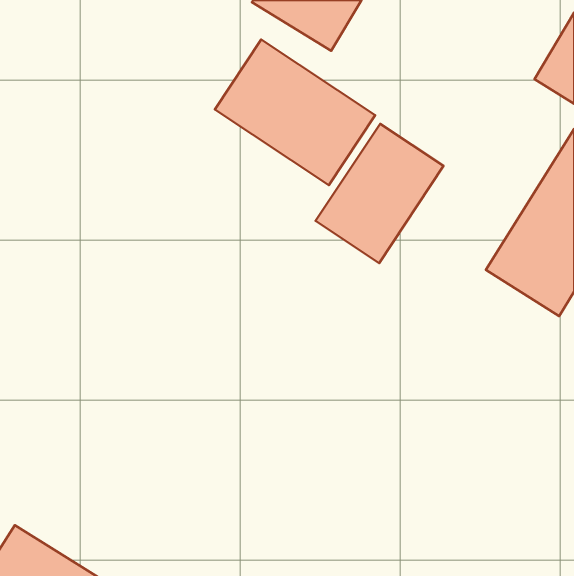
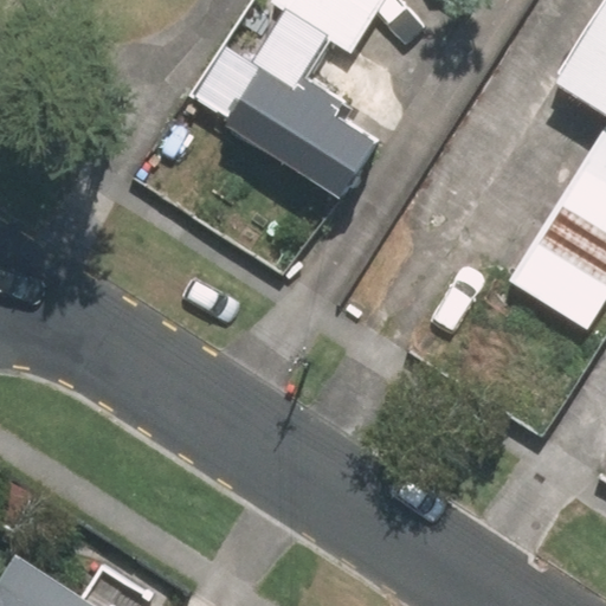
building: [316,124,444,263] -> none

